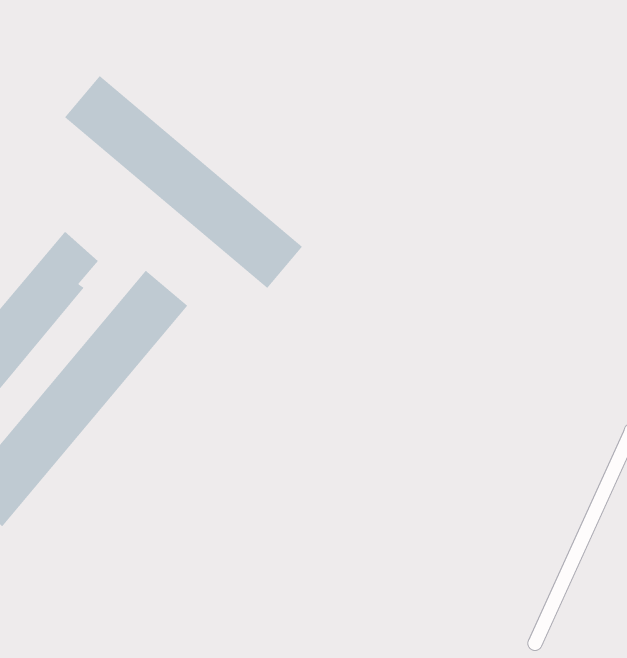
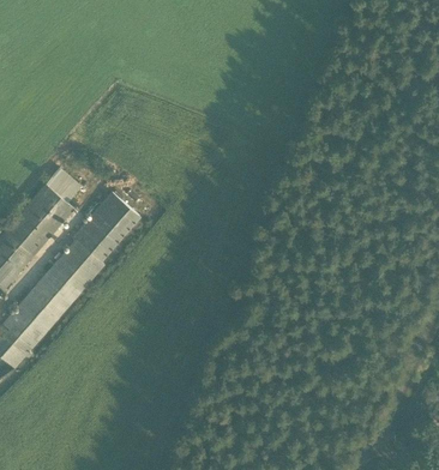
building: [64,75,303,289] -> none

